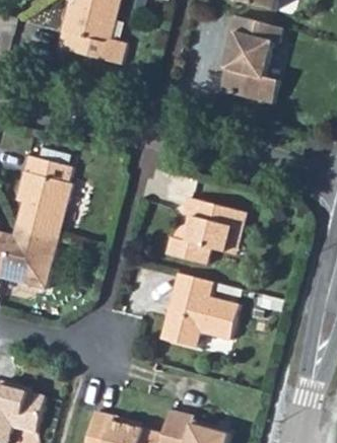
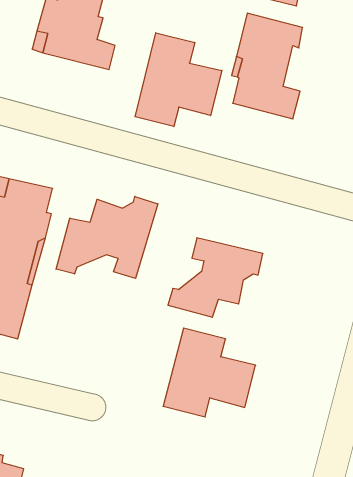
building: none -> [135,33,222,127]
building: none -> [56,196,158,278]

